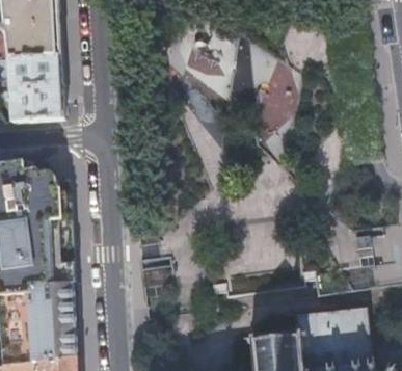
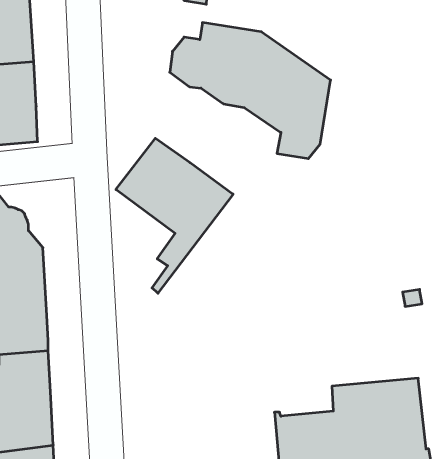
building: none -> [116,138,233,293]

